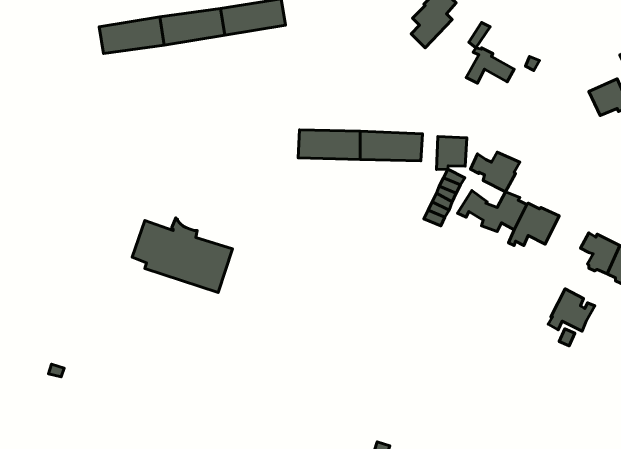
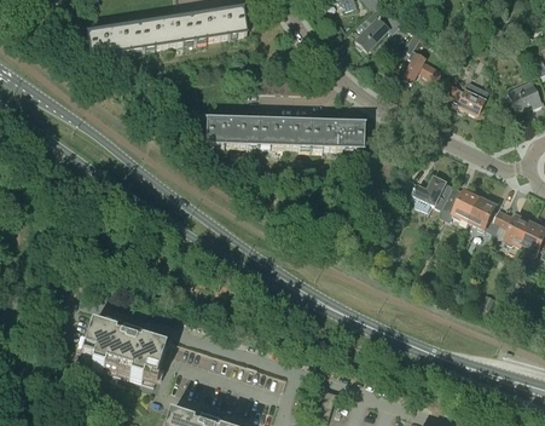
building: none -> [205,121,259,146]
building: [436,137,467,170] -> none
building: [470,152,520,192] -> [446,81,488,115]
building: [132,218,232,293] -> [80,322,166,386]
building: [548,289,595,331] -> [466,196,506,232]

